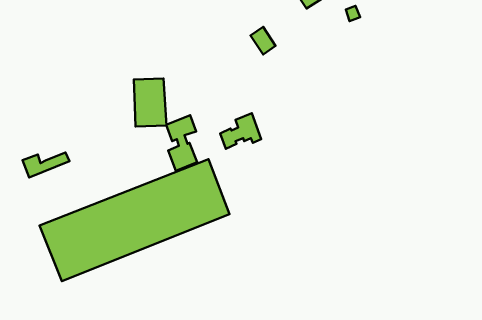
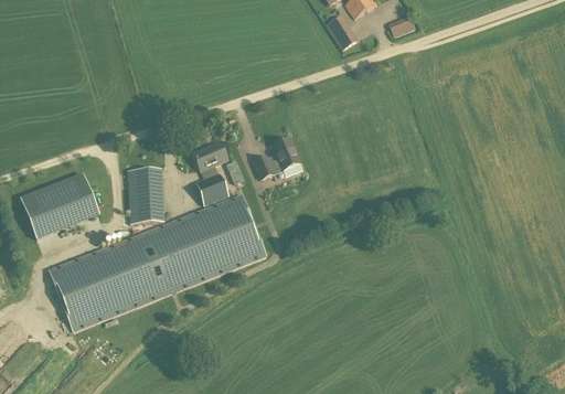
building: [251,27,276,55] -> [328,15,356,47]
building: [134,78,166,126] -> [127,168,164,223]
building: none -> [33,195,104,235]

